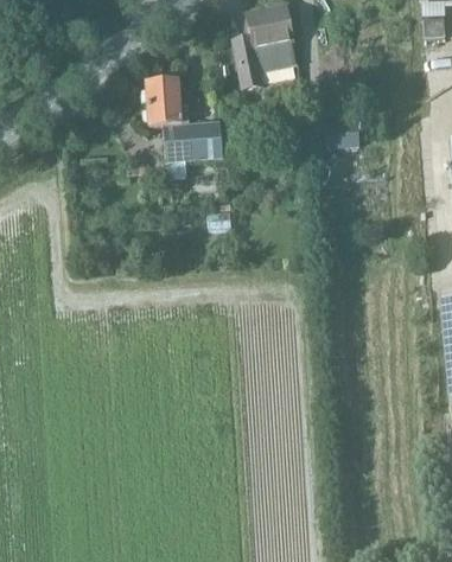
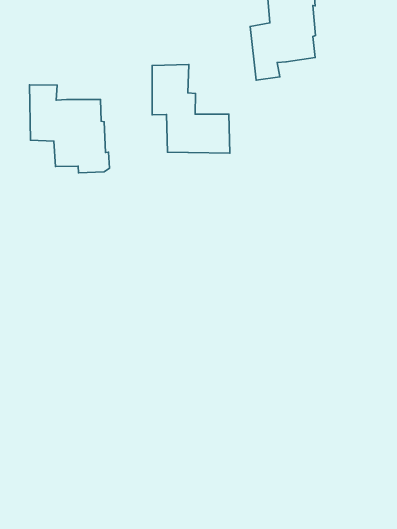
building: none -> [30,85,109,173]

